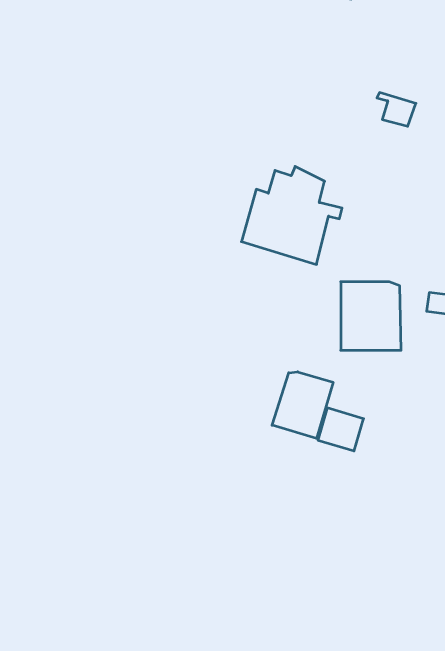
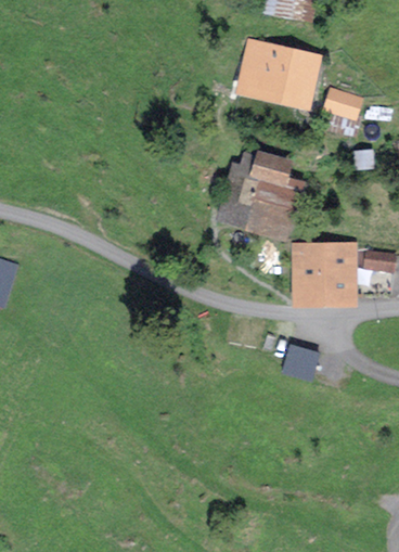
building: none -> [243,41,318,103]
building: [272,372,333,438] -> none

